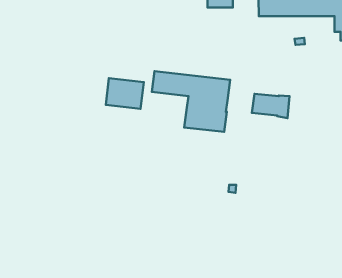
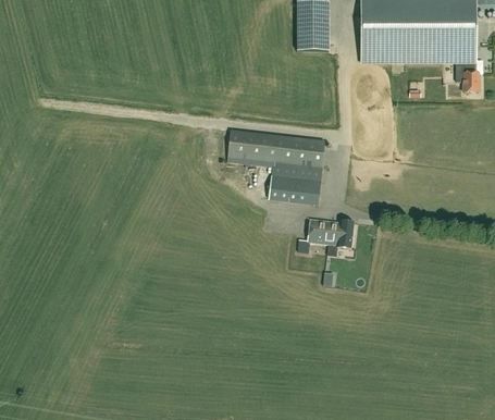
building: [106,78,144,109] -> none
building: [252,94,289,118] -> [306,218,352,248]

